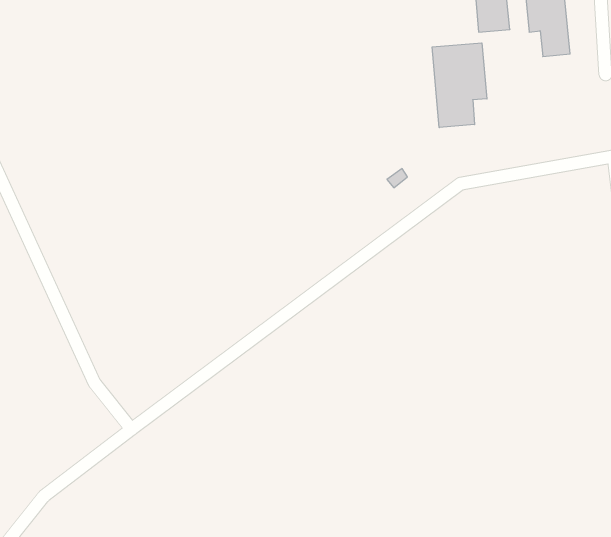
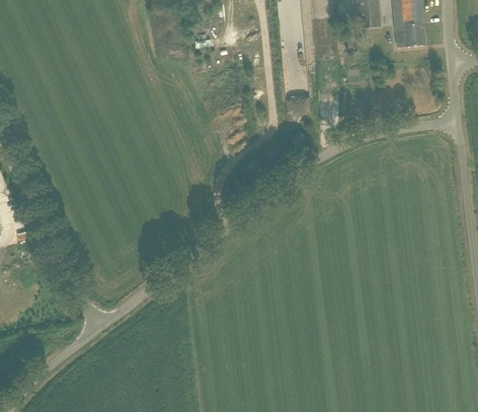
building: [432,43,487,128] -> none

